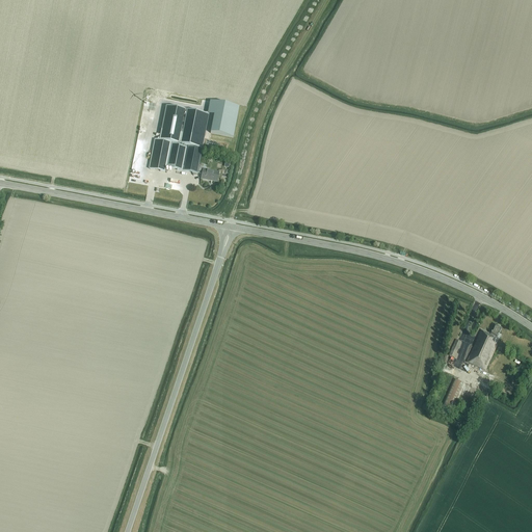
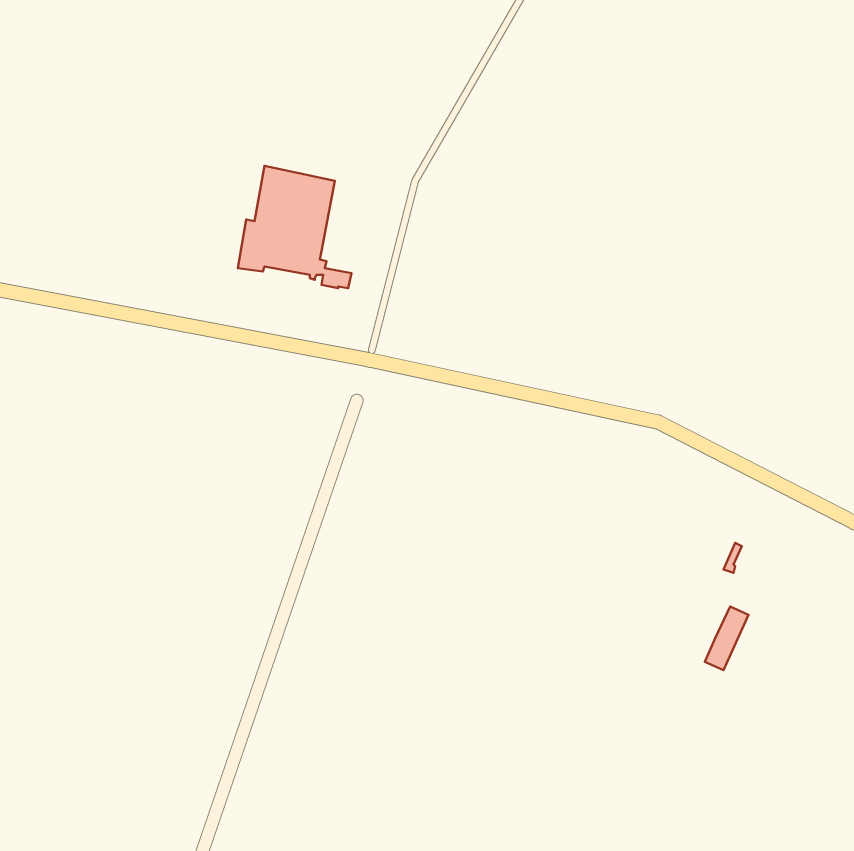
building: [209,100,238,135] -> none
building: [466,323,501,368] -> none

